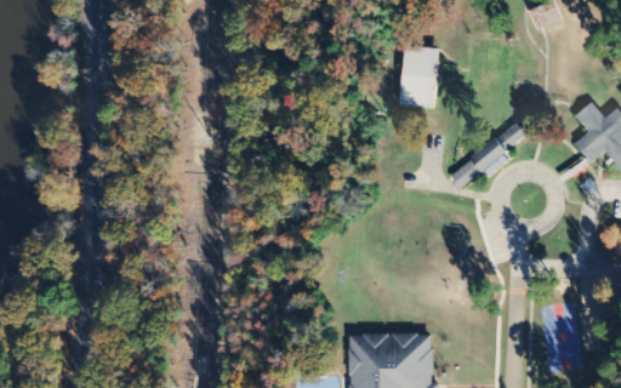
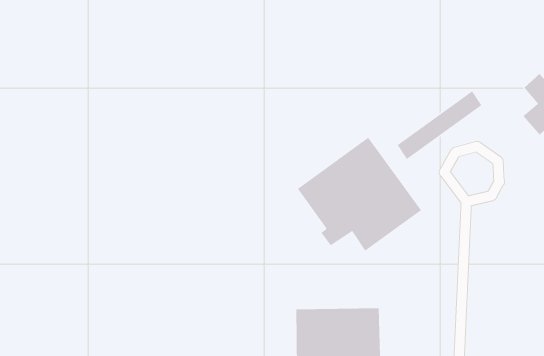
building: [401,46,438,108] -> none
building: none -> [297,137,422,251]

